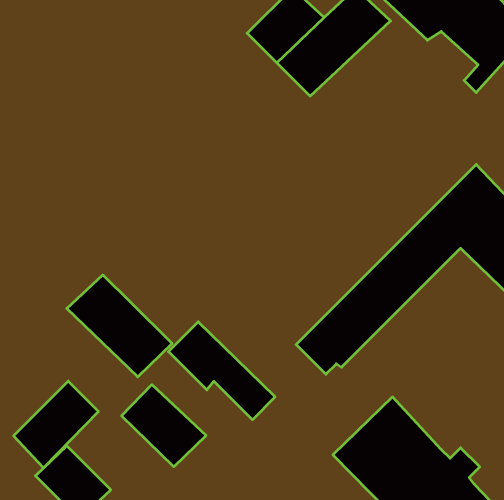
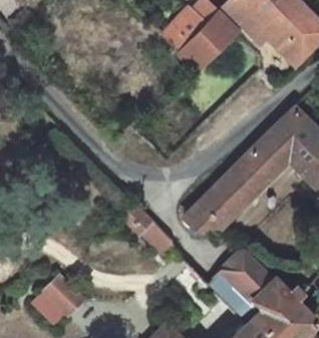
building: [67,275,172,377] -> none
building: [14,381,98,468] -> none
building: [122,385,206,467] -> none

